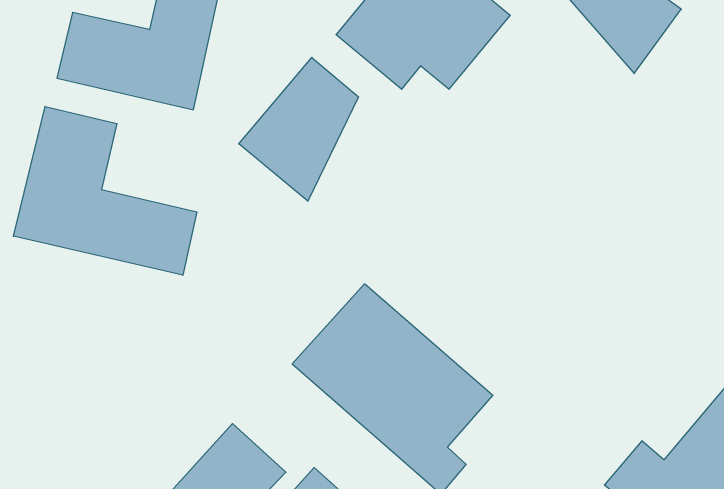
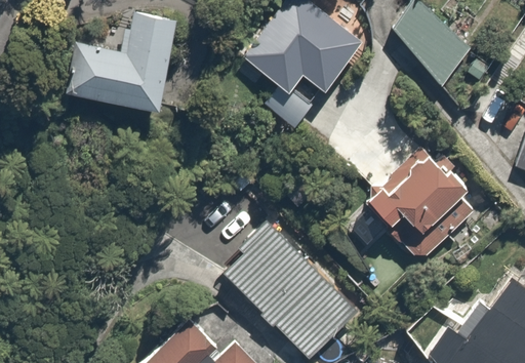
building: [239,57,358,201] -> none
building: [13,106,197,275] -> none
building: none -> [364,144,482,263]

